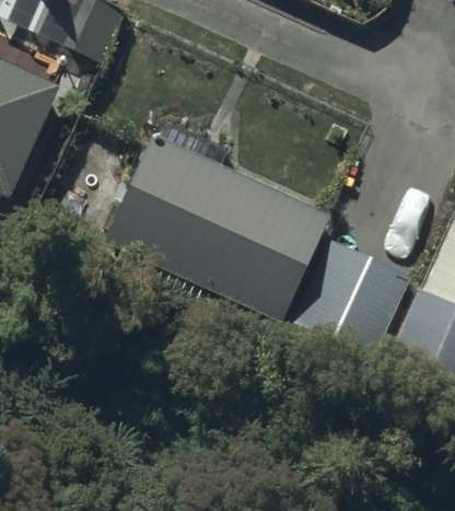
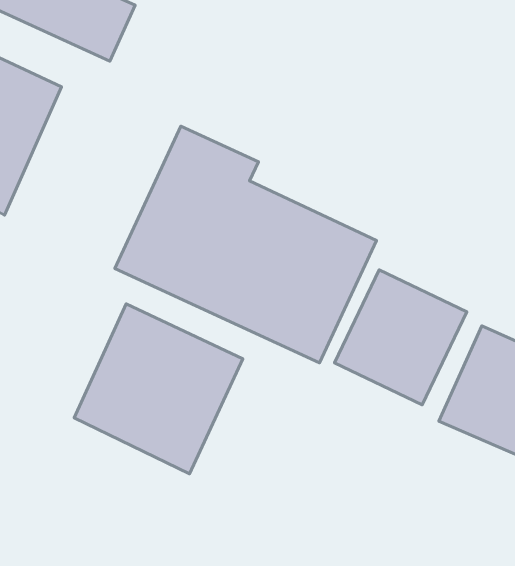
building: none -> [74,304,243,474]

